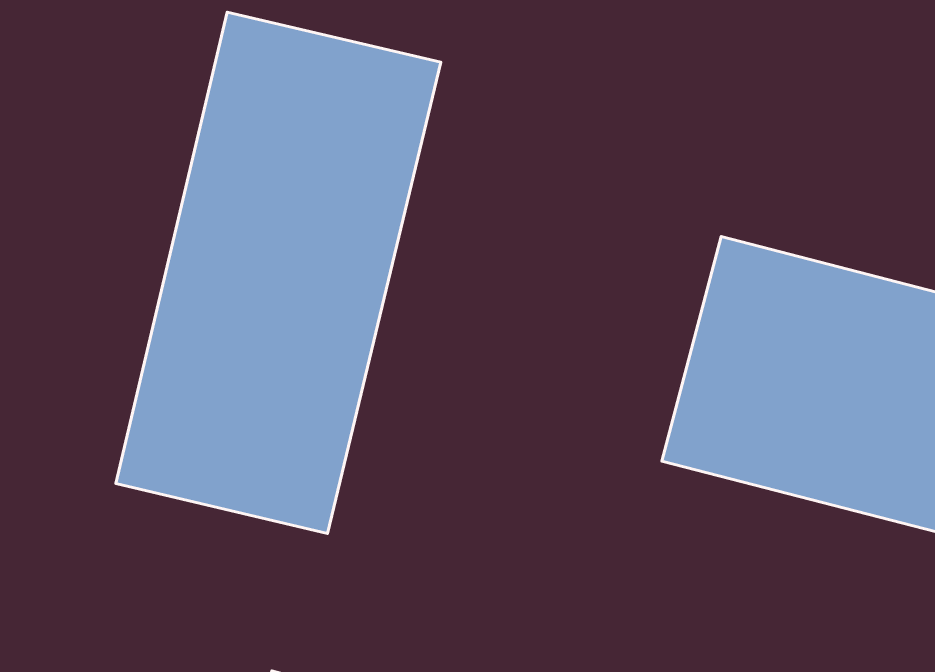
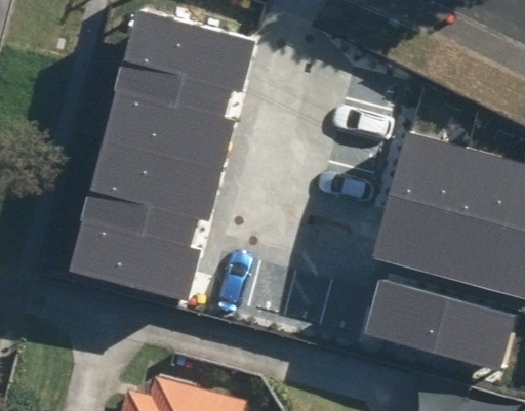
building: none -> [365,281,516,371]

